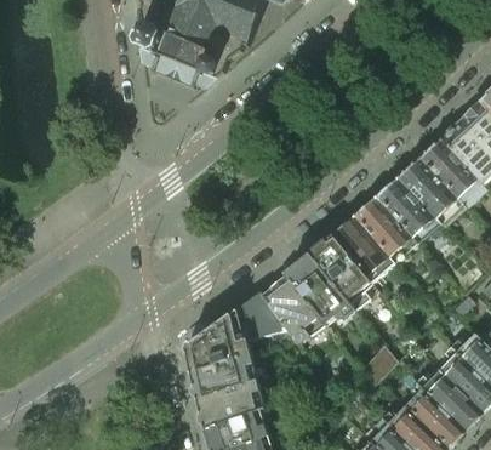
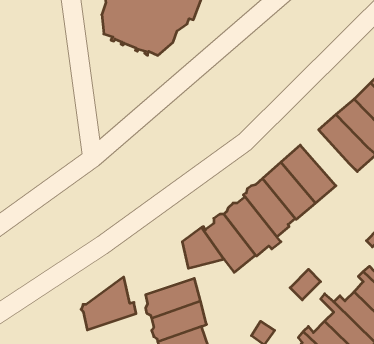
building: [375,177,440,244] -> none
building: [183,311,249,374] -> [81,277,136,330]

